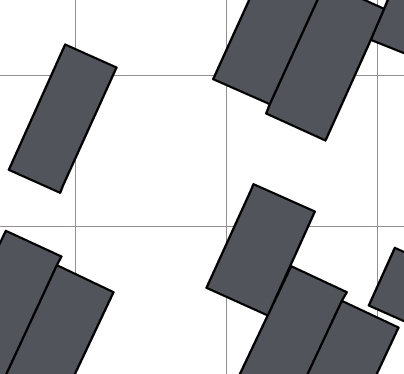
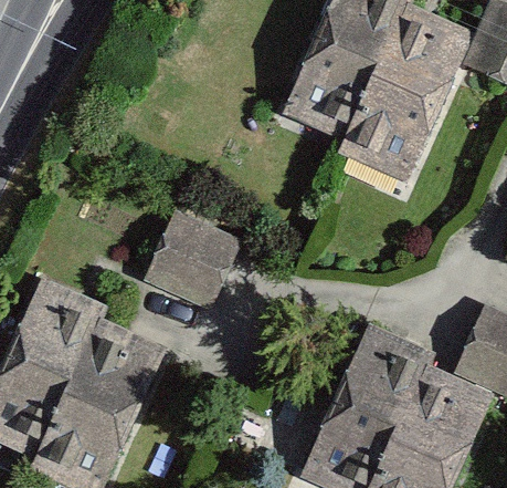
building: [9,45,117,193] -> none
building: none -> [142,216,242,316]
building: [207,184,315,315] -> none

